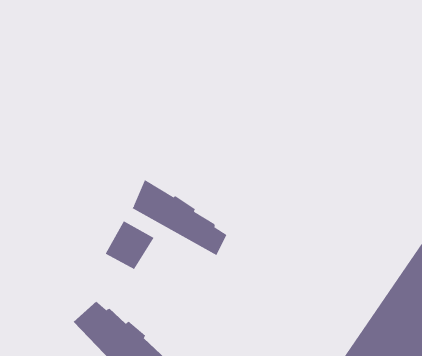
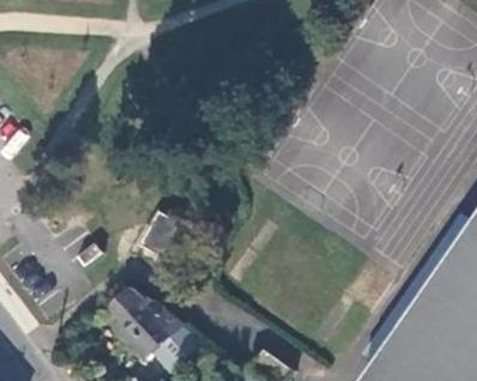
building: [132,179,227,256] -> none

